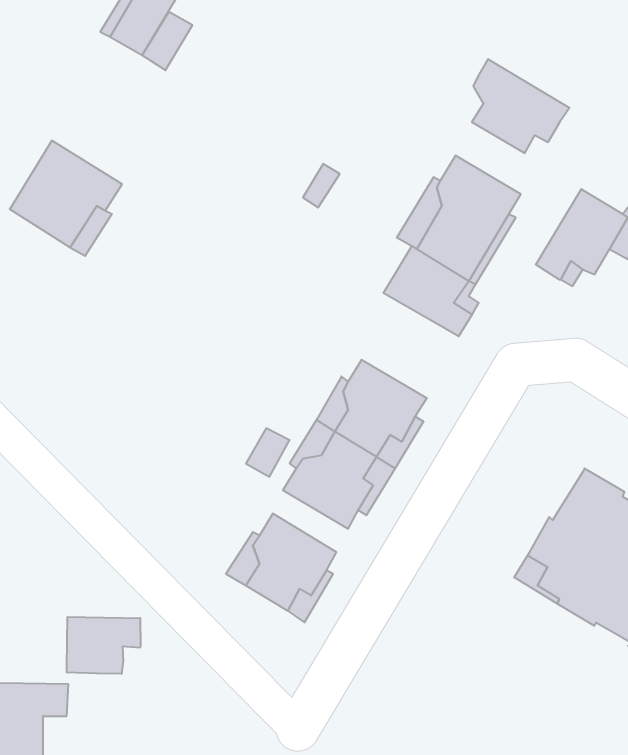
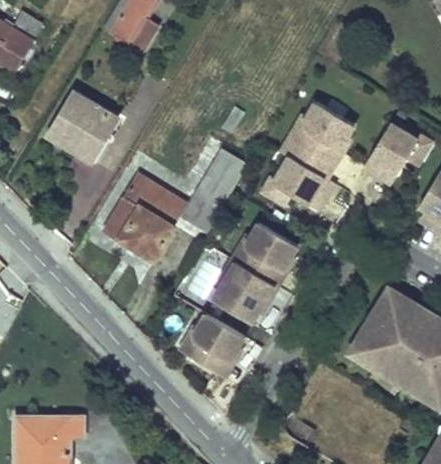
building: [472,59,569,153] -> none
building: none -> [182,151,246,233]
building: none -> [105,176,185,260]
building: [67,617,140,674] -> none

